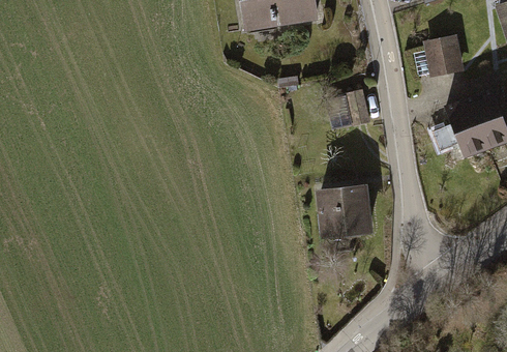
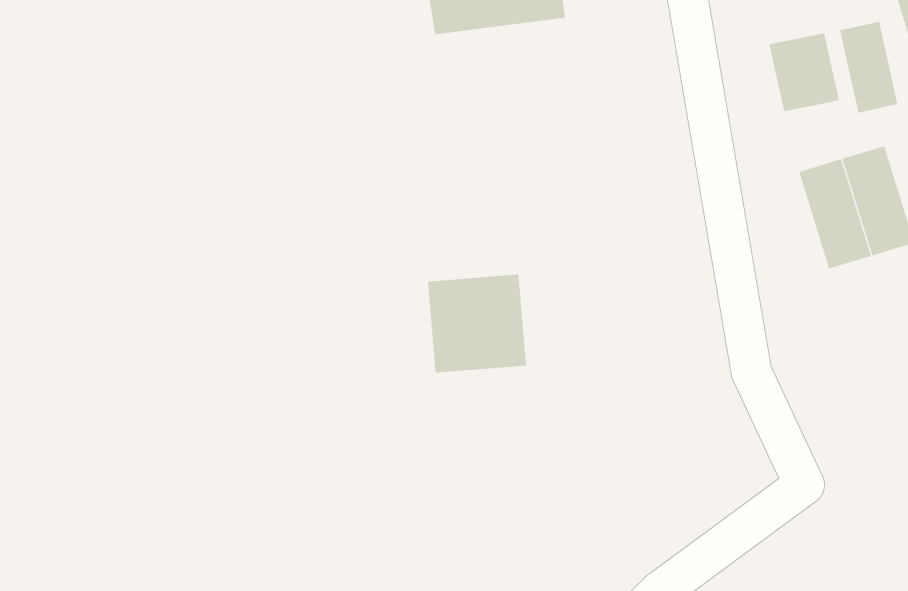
building: none -> [839,21,898,113]
building: [317,186,371,241] -> [427,274,527,373]

